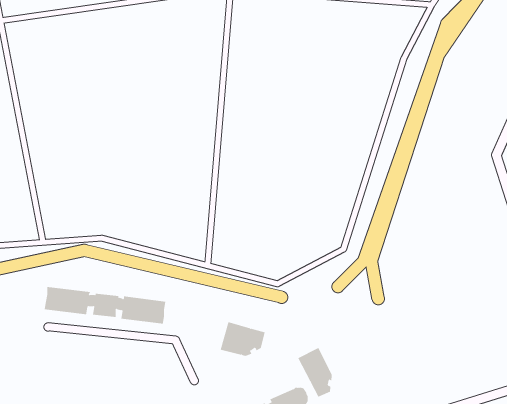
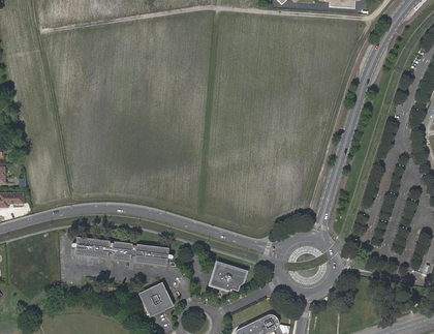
building: none -> [137,281,174,316]
building: [298,347,332,398] -> none

